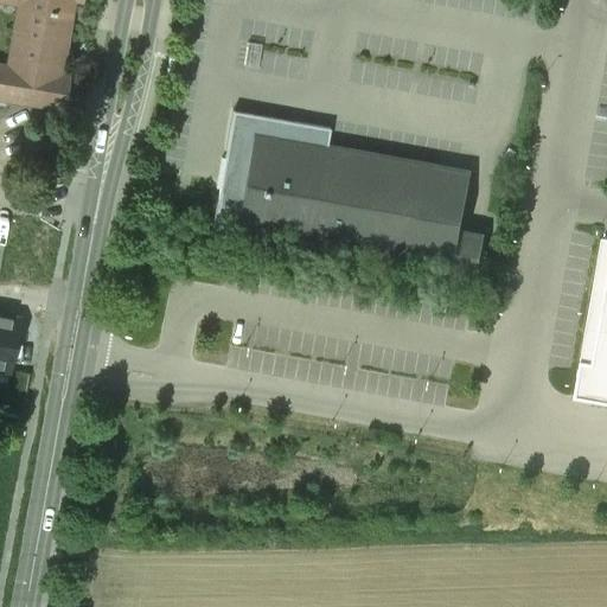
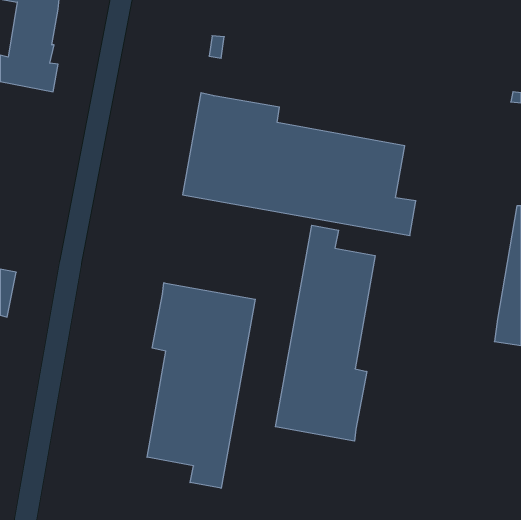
building: none -> [275,225,375,441]
building: none -> [147,283,255,488]

